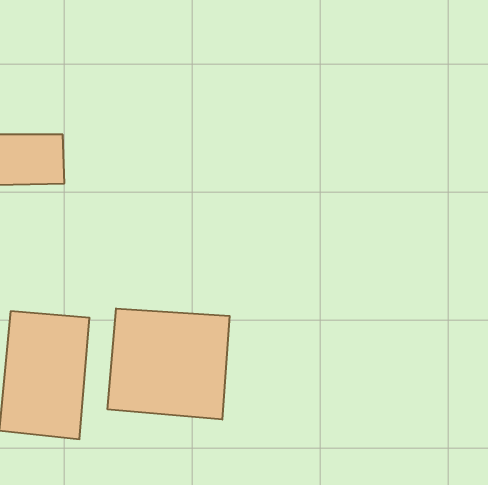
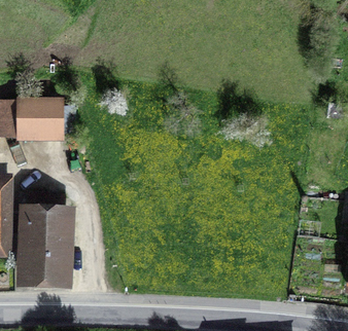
building: [108,308,230,420] -> none

